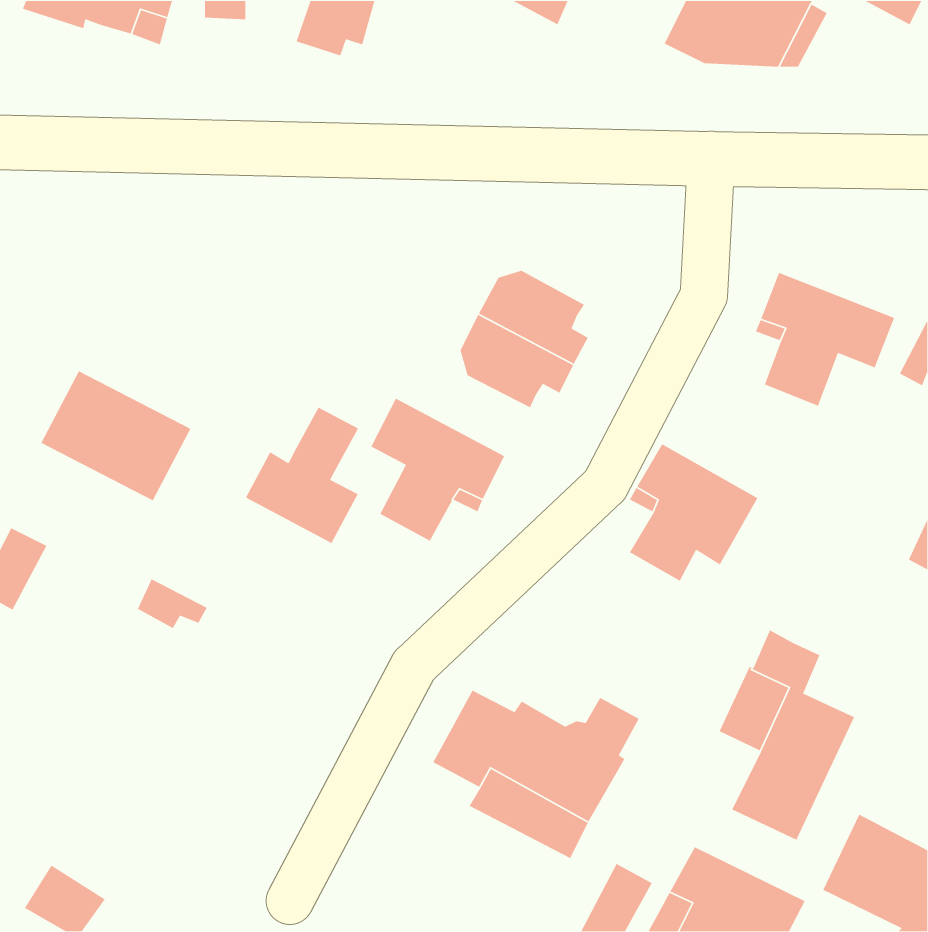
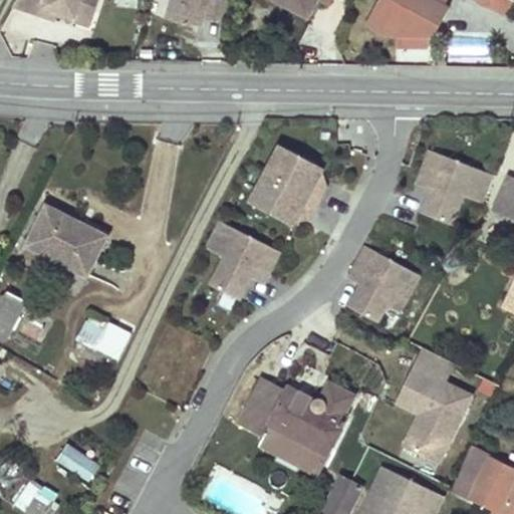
building: [245,407,359,544] -> none
building: none -> [55,442,100,481]

